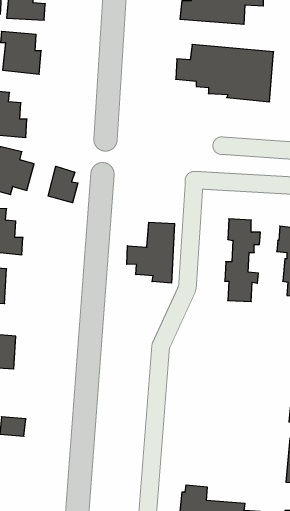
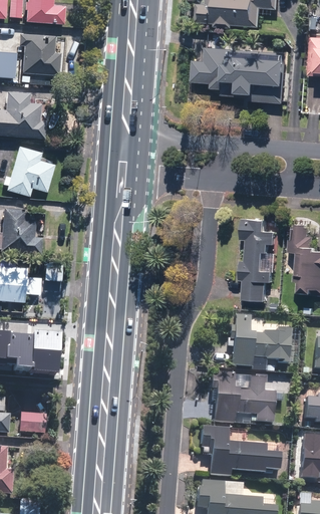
building: [48,166,78,203] -> none
building: [127,222,175,283] -> none
building: none -> [229,314,289,365]
building: none -> [32,329,60,370]
building: none -> [212,372,274,423]
building: none -> [201,426,279,475]

